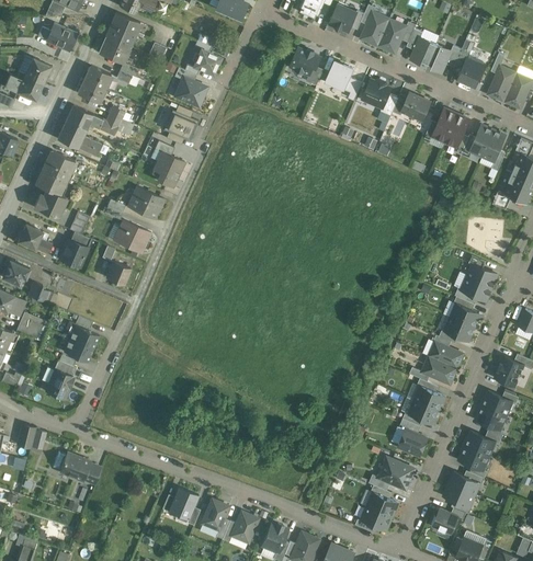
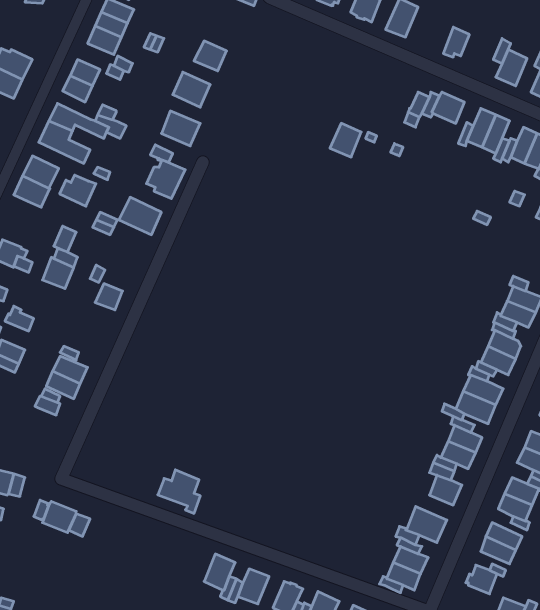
building: [378,20,407,54] -> none
building: [37,23,76,51] -> none
building: [427,44,452,73] -> none
building: [291,48,321,76] -> none
building: [326,61,353,91] -> [330,123,361,157]
building: [363,80,392,108] -> none
building: [34,190,66,217] -> [60,175,96,206]
building: [113,220,150,253] -> none
building: [46,370,73,398] -> none
building: [162,486,200,525] -> [158,470,200,513]

